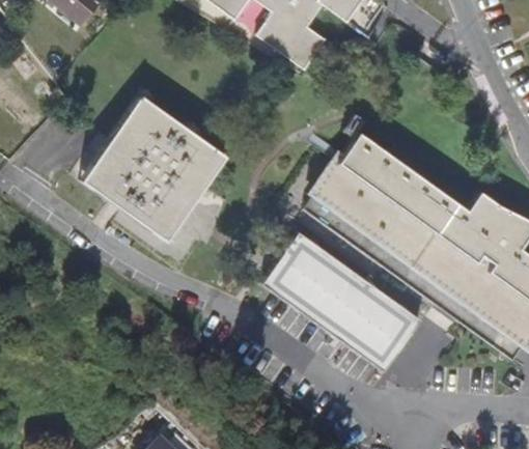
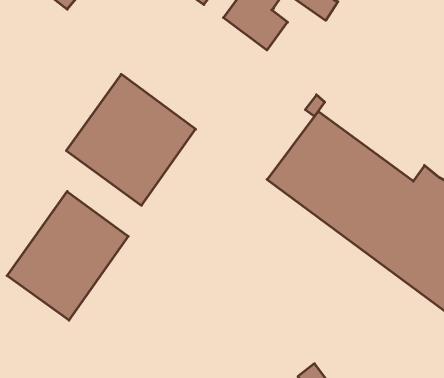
building: none -> [7,191,128,320]
building: [260,230,421,372] -> none

